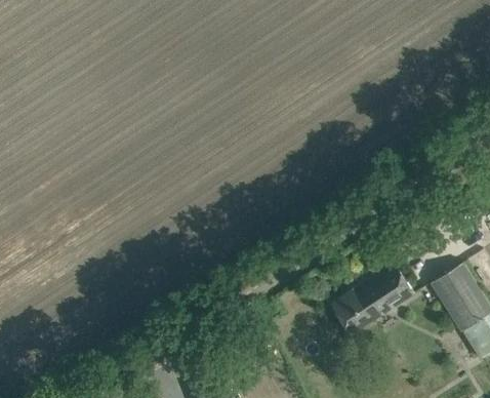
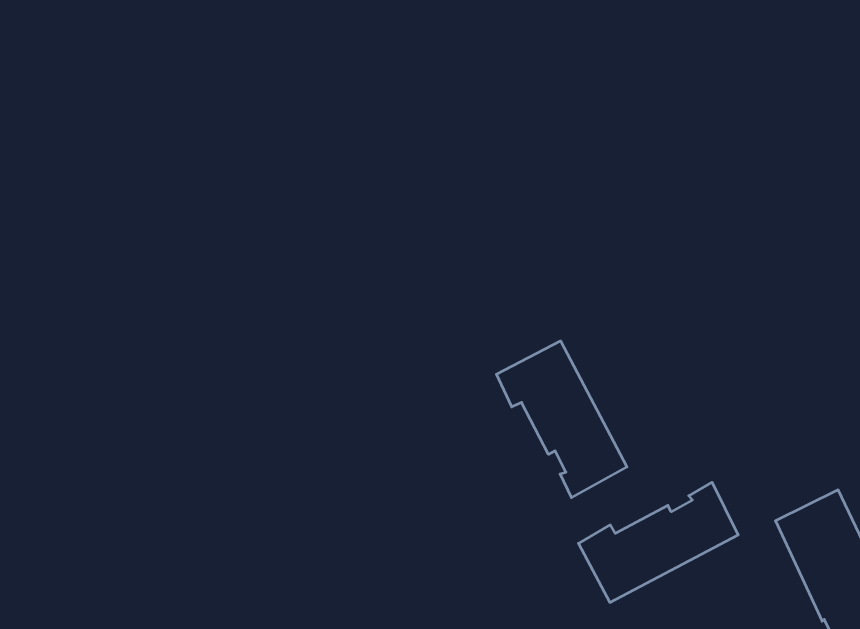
building: none -> [496,341,627,498]

